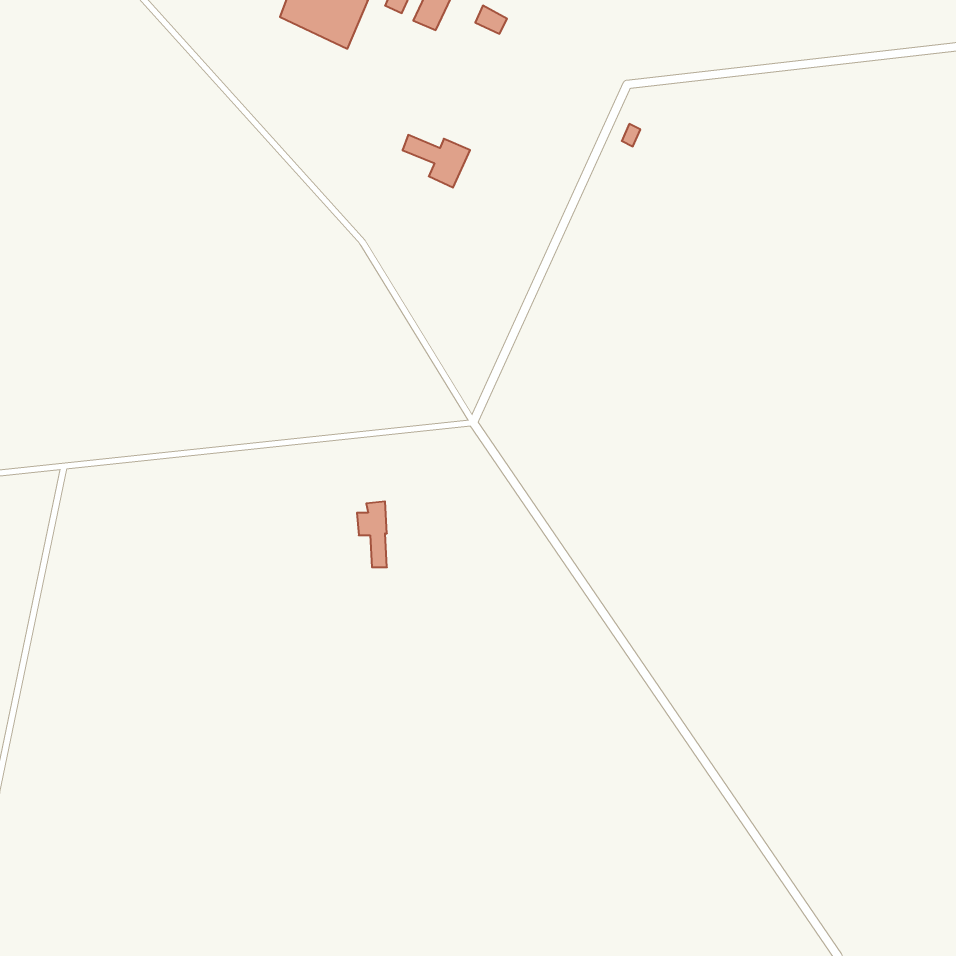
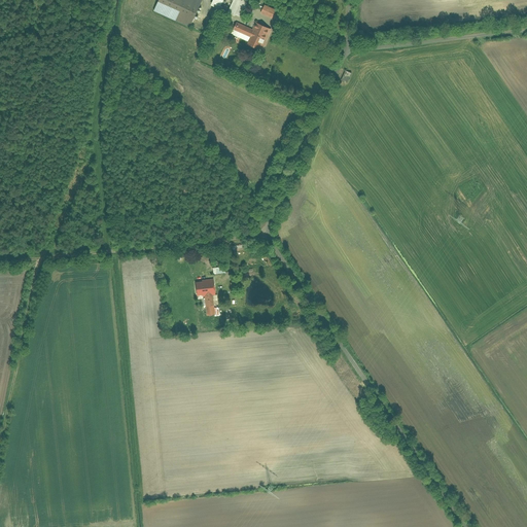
building: [402,135,470,188] -> [233,21,270,49]

